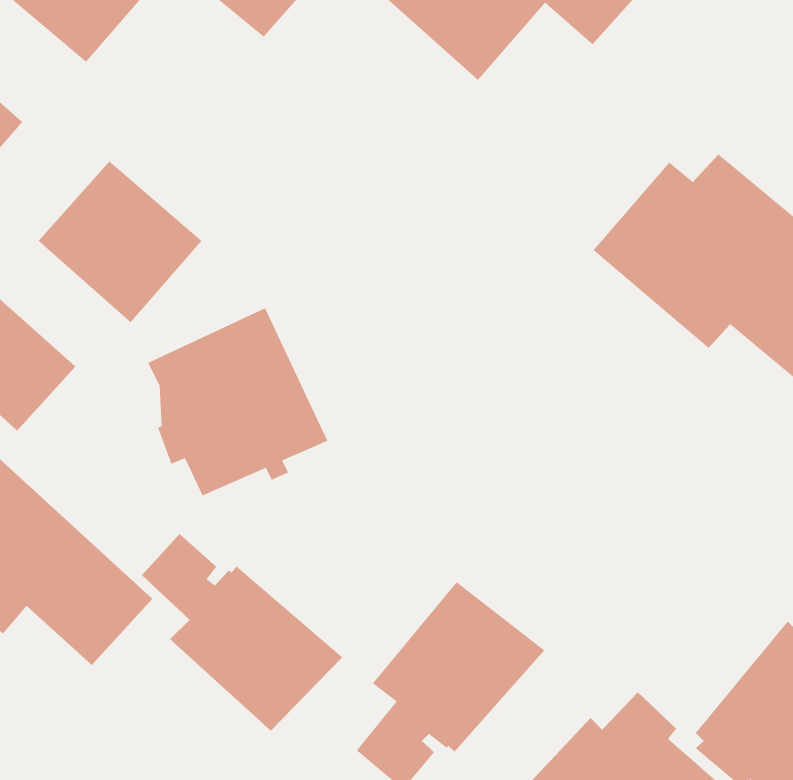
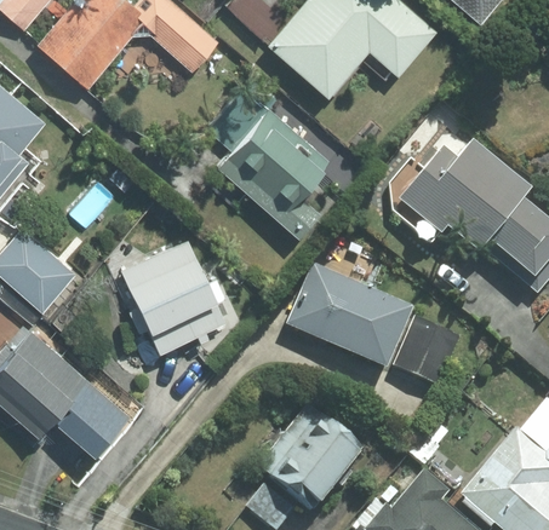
building: none -> [217,108,330,238]
building: [38,161,202,323] -> none
building: none -> [285,263,470,392]
building: [141,533,343,732] -> none

